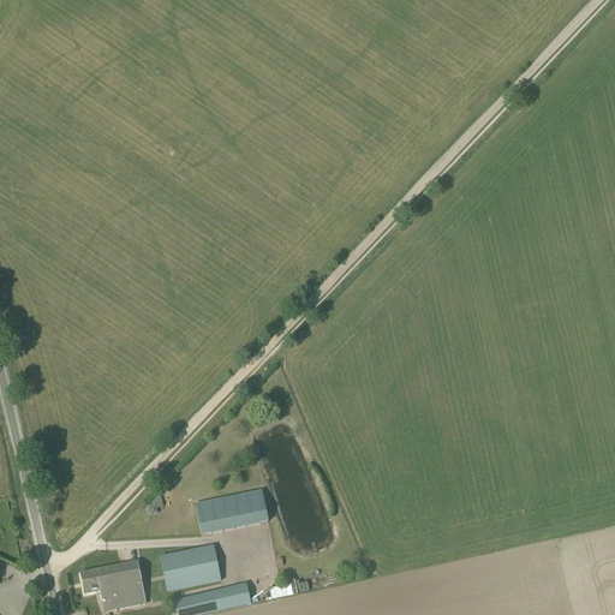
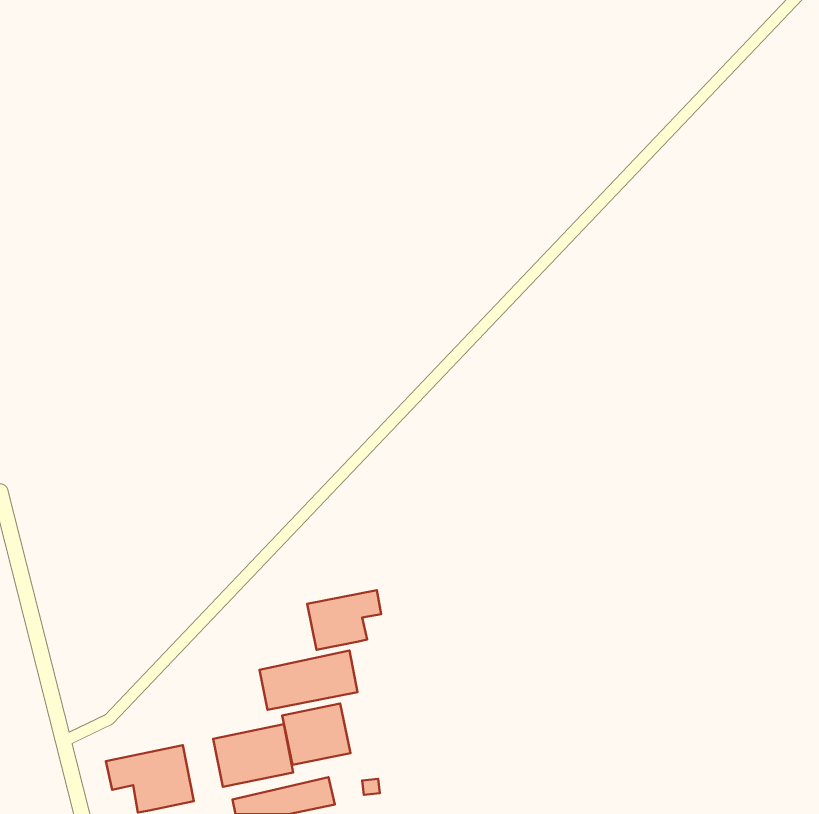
building: none -> [307,590,381,650]
building: none -> [282,704,350,765]

